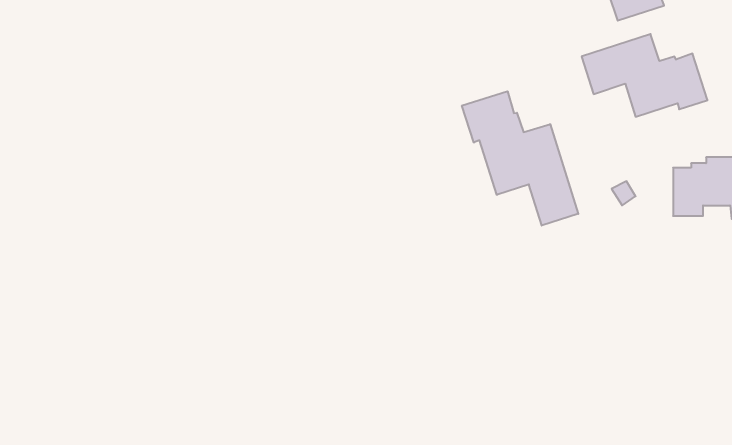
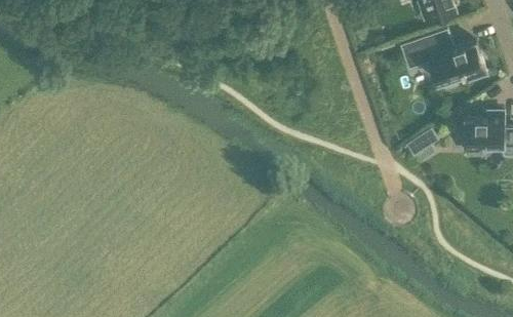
building: [462,91,578,226] -> none

